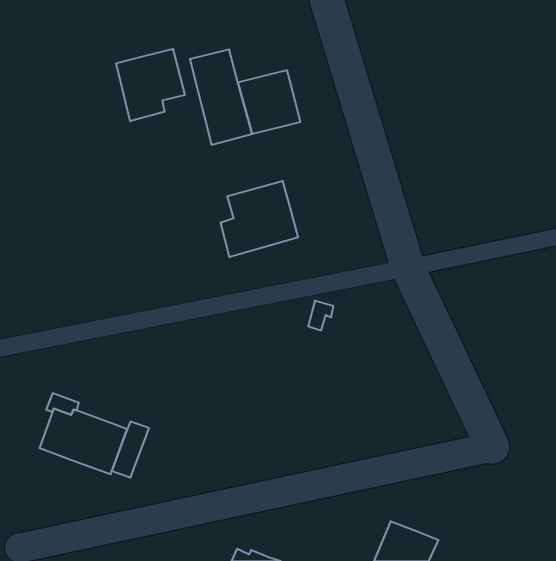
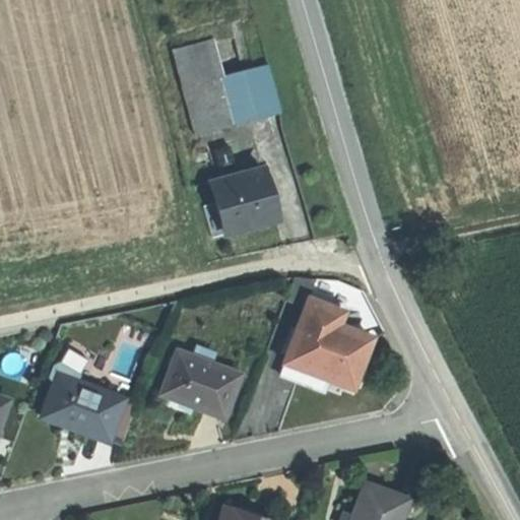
building: [116,49,185,121] -> none
building: none -> [284,297,369,385]
building: none -> [160,349,240,416]

